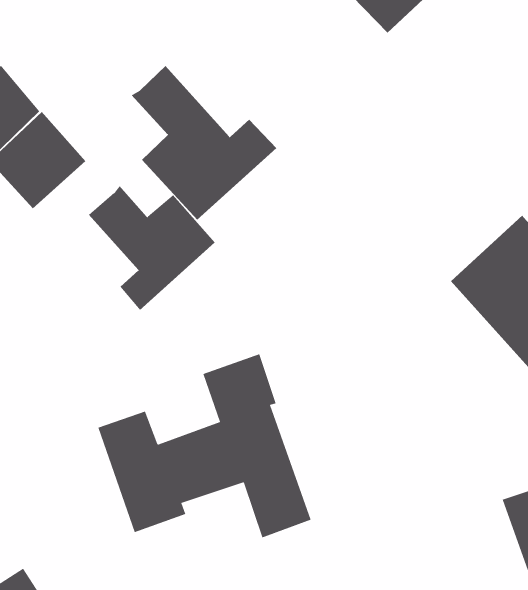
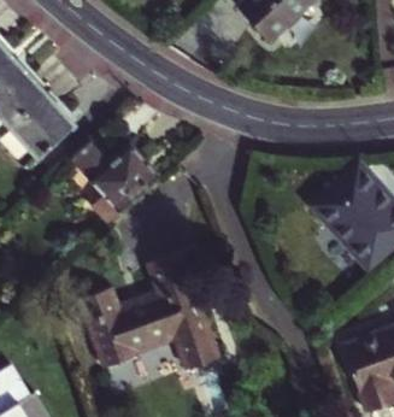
building: [131,65,277,221] -> none

